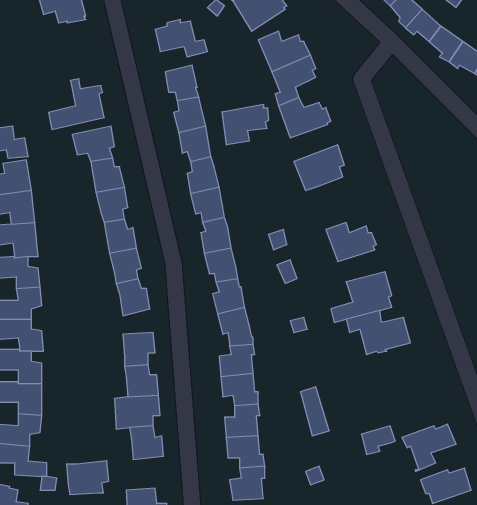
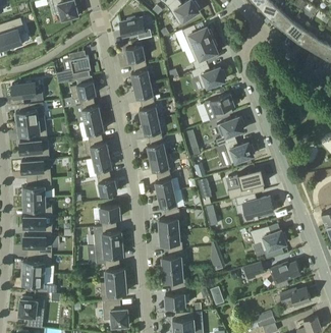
building: [222,104,268,145] -> none
building: none -> [216,117,243,145]
building: none -> [254,227,286,253]
building: [66,461,109,495] -> [101,281,126,301]

